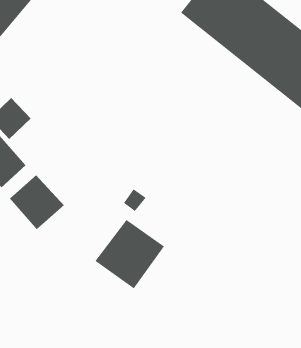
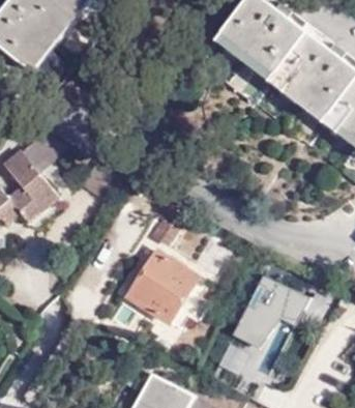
building: [9,175,65,230] -> none
building: none -> [224,269,305,363]

